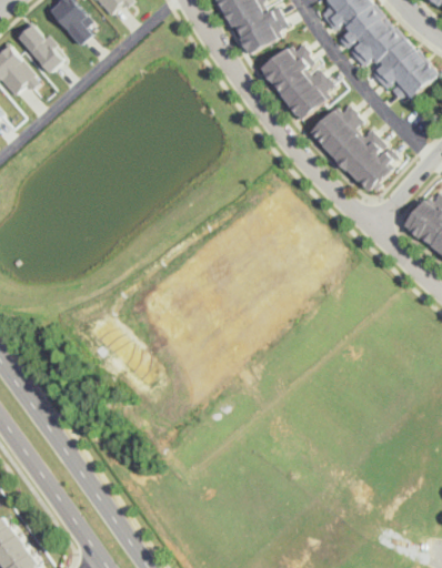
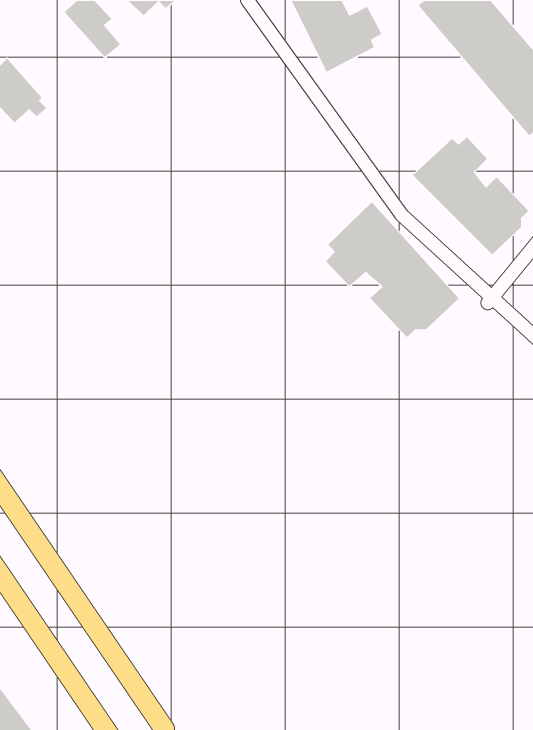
building: [16,22,64,73] -> none
building: [261,38,338,115] -> none
building: none -> [325,201,459,338]

